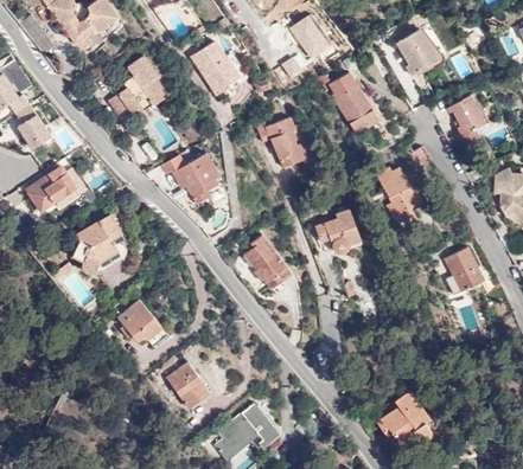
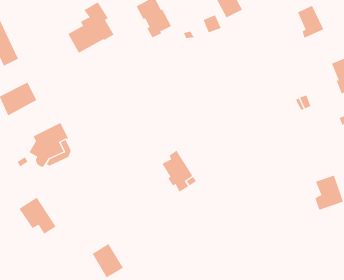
building: [332,72,377,133] -> none
building: [256,117,307,167] -> none
building: [160,150,219,204] -> none
building: [377,167,421,221] -> none
building: [315,208,361,252] -> none
building: [117,300,168,347] -> [18,197,56,235]

